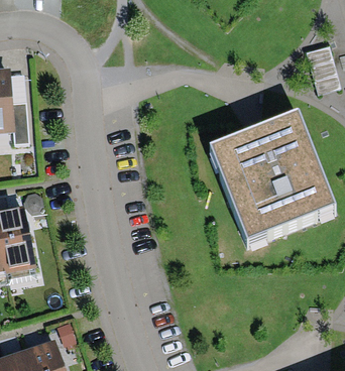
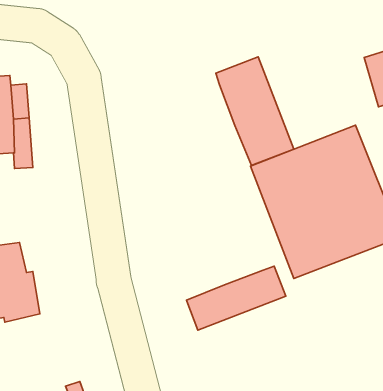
building: none -> [216,57,294,165]
building: none -> [187,266,286,330]

